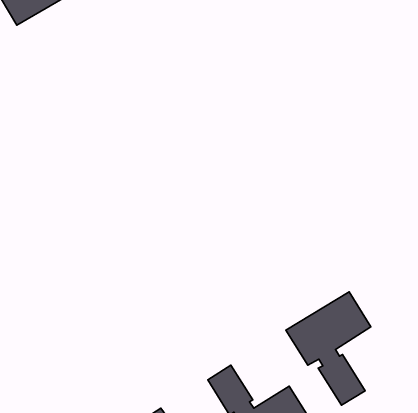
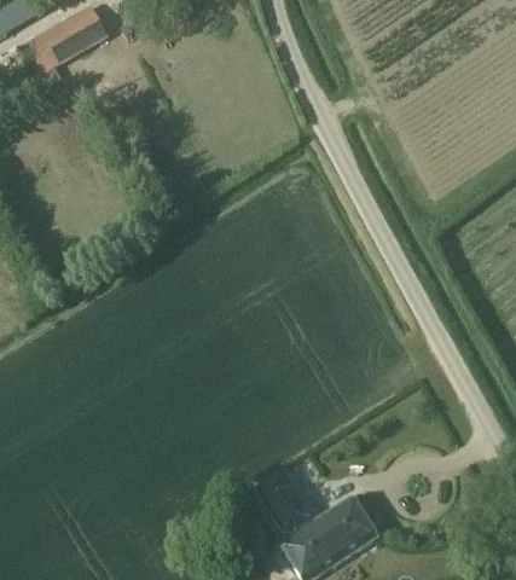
building: [286,292,371,405] -> none

